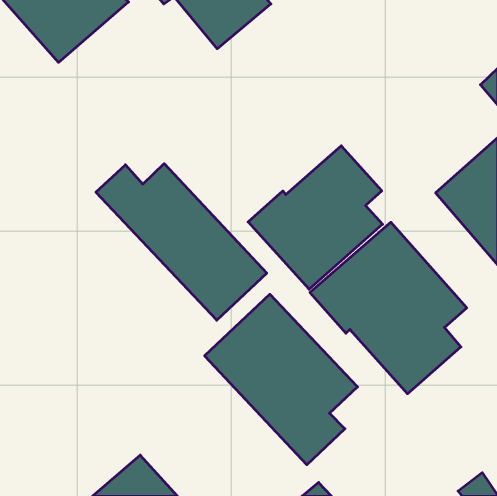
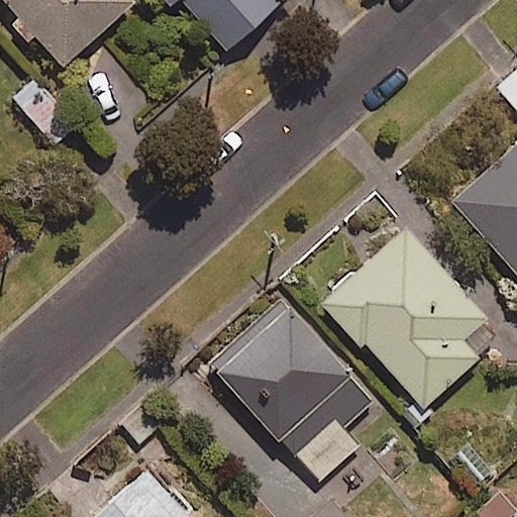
building: [248,146,383,289] -> none
building: [96,164,267,320] -> none

